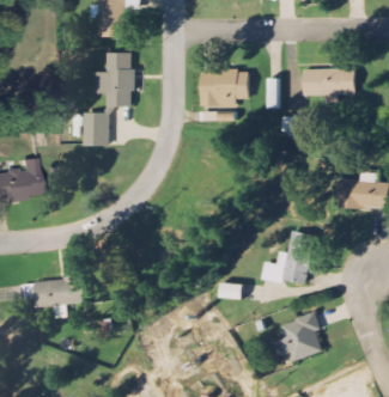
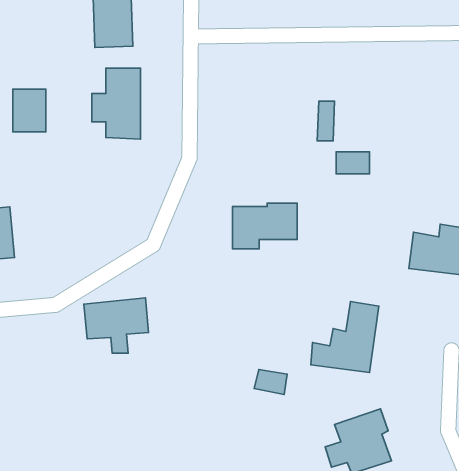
building: [300,69,354,103] -> none
building: [199,72,248,106] -> [232,203,297,249]
building: [83,114,108,146] -> [13,89,46,132]
building: [34,276,83,318] -> [84,298,149,353]

